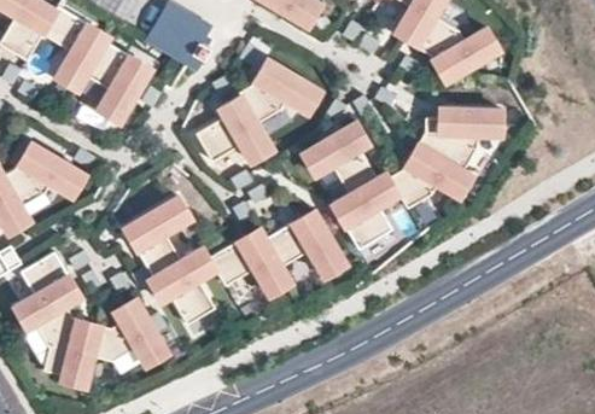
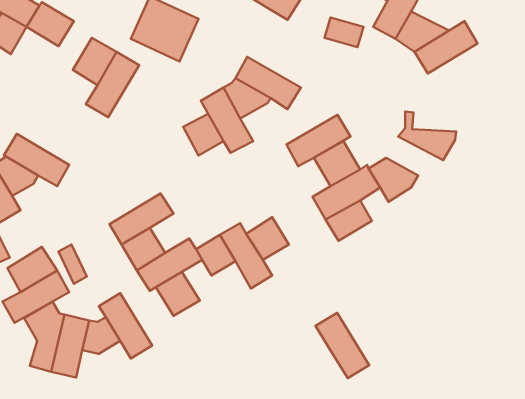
building: [57,25,109,89] -> none
building: [432,105,501,138] -> none
building: [406,142,472,193] -> none
building: [290,211,344,278] -> [316,313,369,378]

